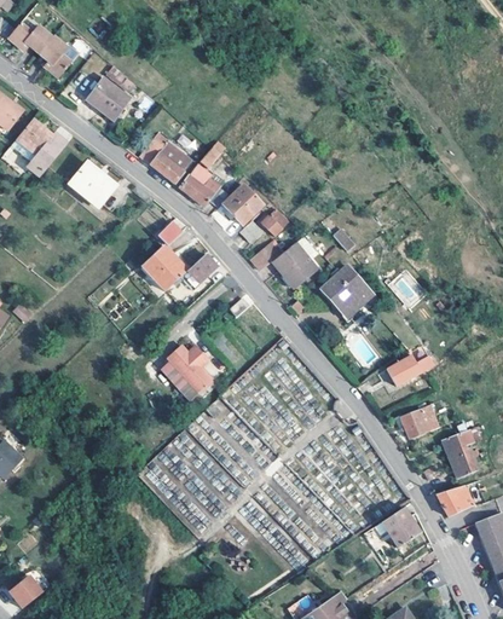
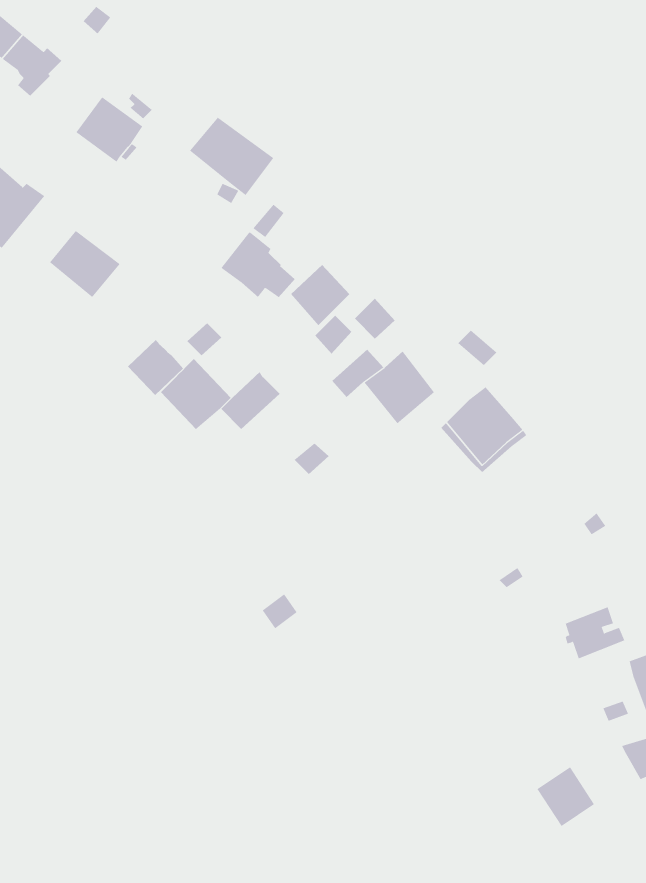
building: [138,133,192,184] -> [189,117,274,196]
building: none -> [127,339,184,396]
building: [167,346,212,393] -> none
building: [388,355,433,384] -> none

